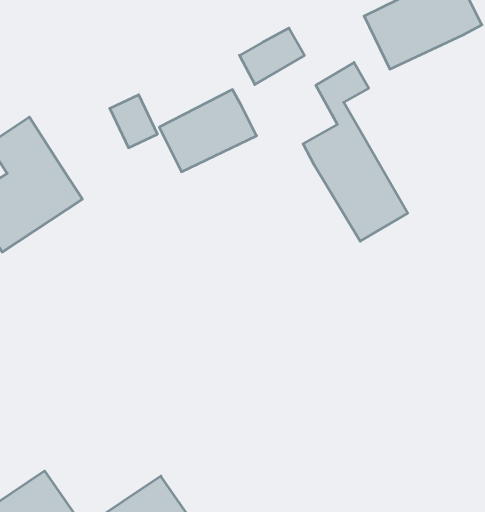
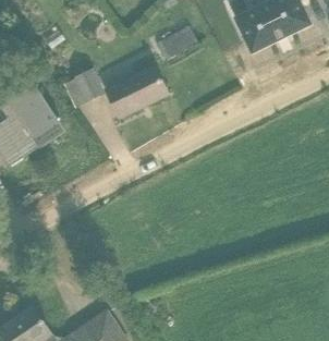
building: [303,62,408,241] -> none

